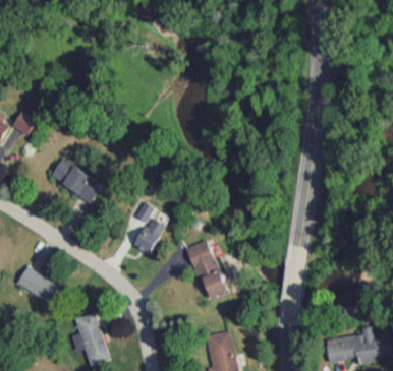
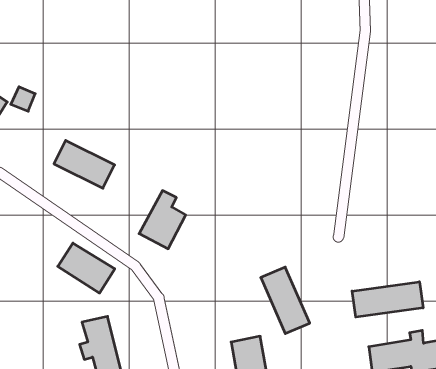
building: [185,240,228,298] -> [261,267,310,334]
building: [16,264,66,308] -> [58,243,115,293]
building: none -> [352,282,423,317]

